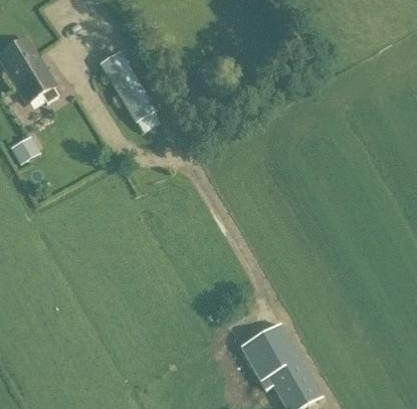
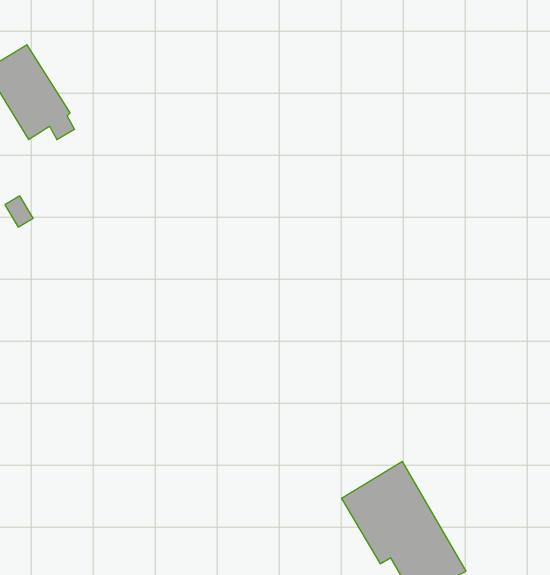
building: [100,50,157,123] -> none

